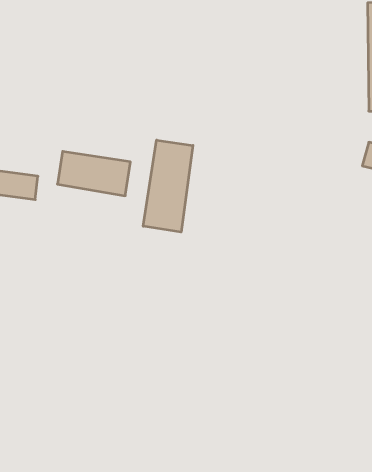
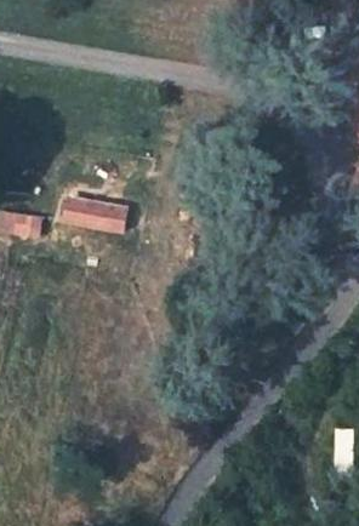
building: [143,140,193,232] -> none

